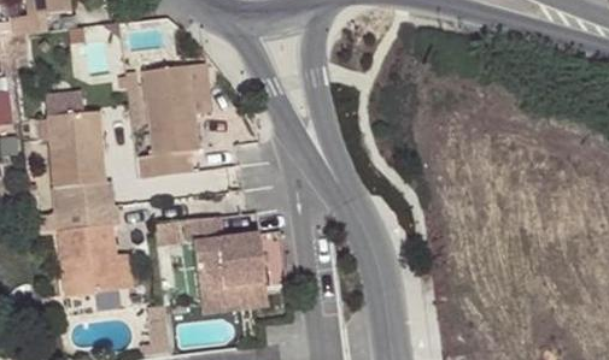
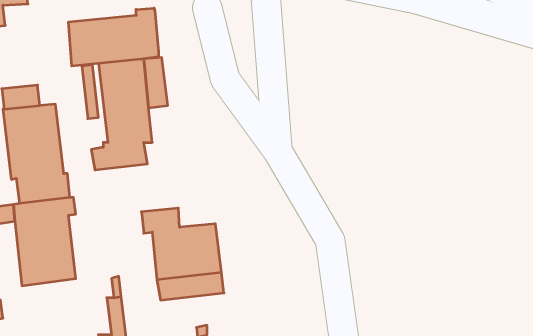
building: none -> [69,8,159,66]

